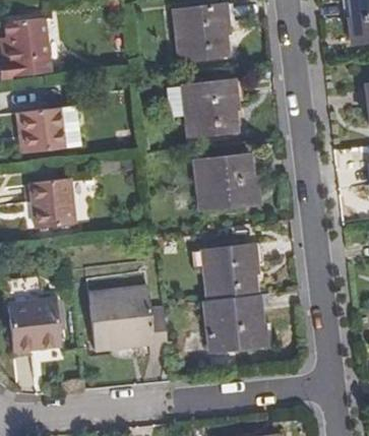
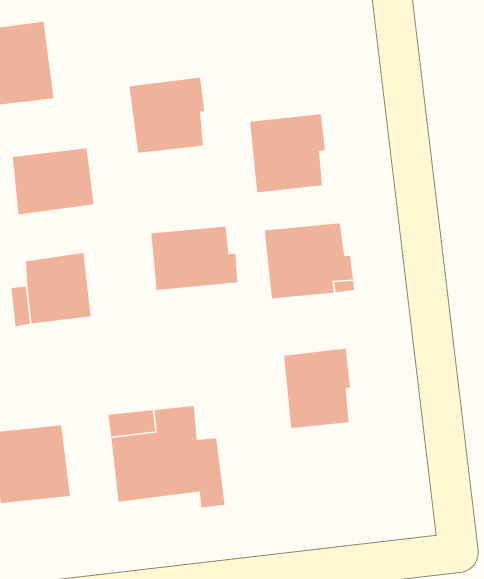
building: [175,7,228,60] -> [129,77,205,153]
building: none -> [150,226,238,291]
building: [207,294,262,350] -> none

